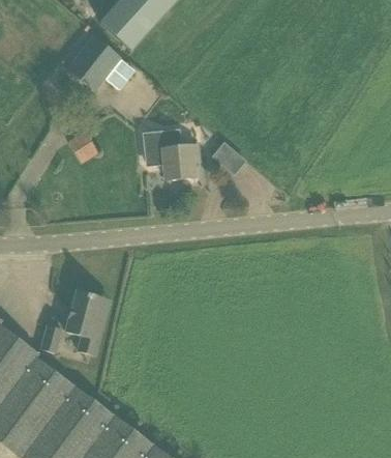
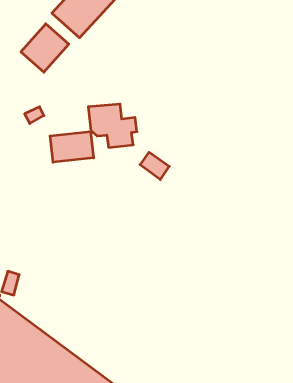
building: [212,141,246,173] -> [140,152,169,180]
building: none -> [50,132,94,162]
building: [65,291,107,356] -> none

